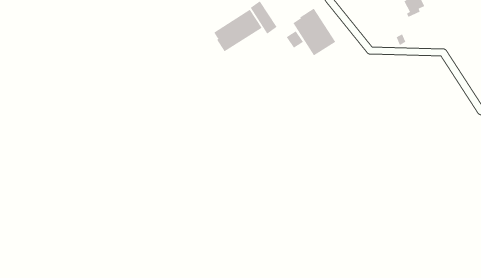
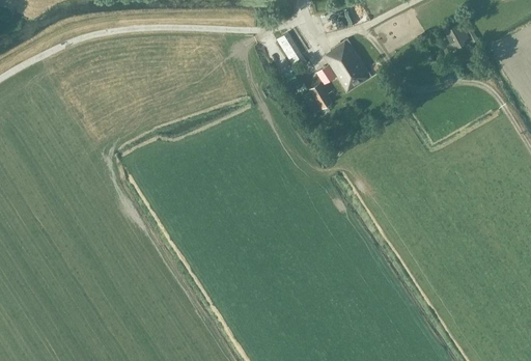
building: [213,9,263,52] -> none
building: none -> [303,83,333,114]

